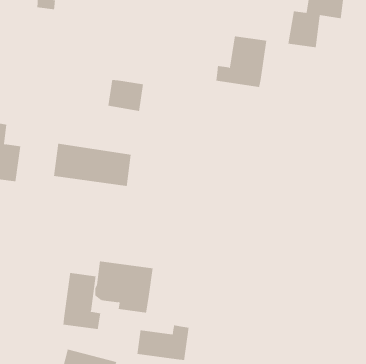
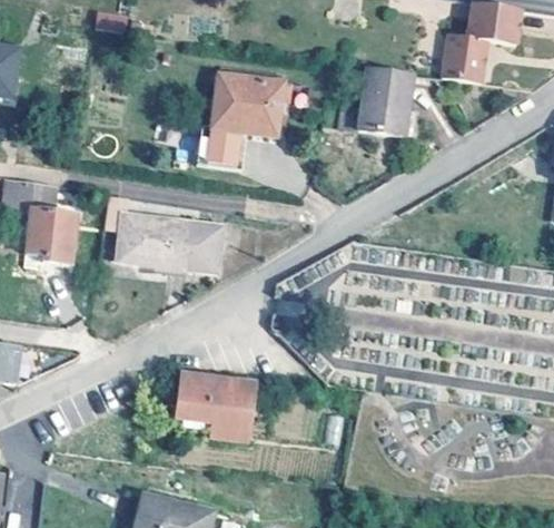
building: none -> [209,70,283,136]
building: [63,272,101,330] -> none
building: [137,325,189,361] -> none

